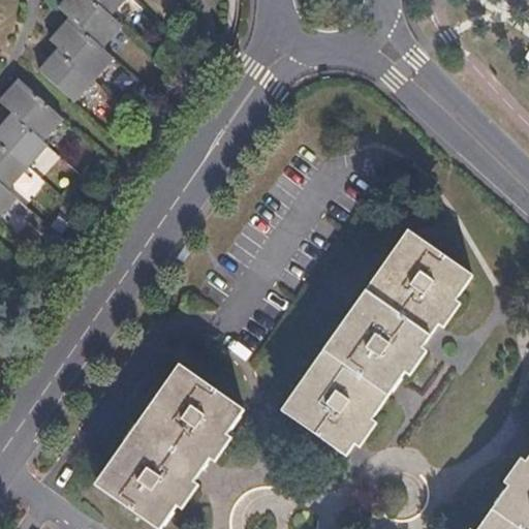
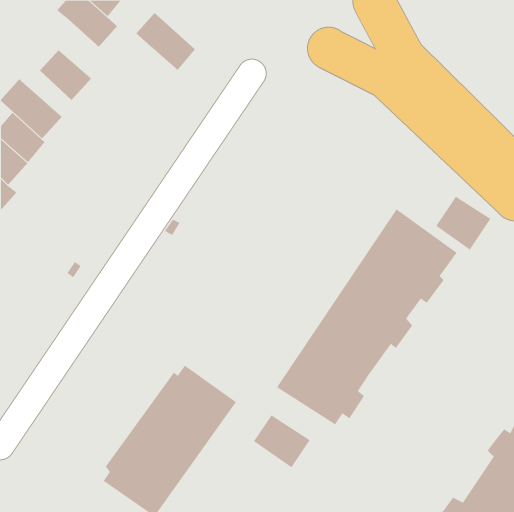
building: [52,24,114,84] -> [135,12,196,71]
building: none -> [435,196,491,250]
building: none -> [253,415,311,468]

